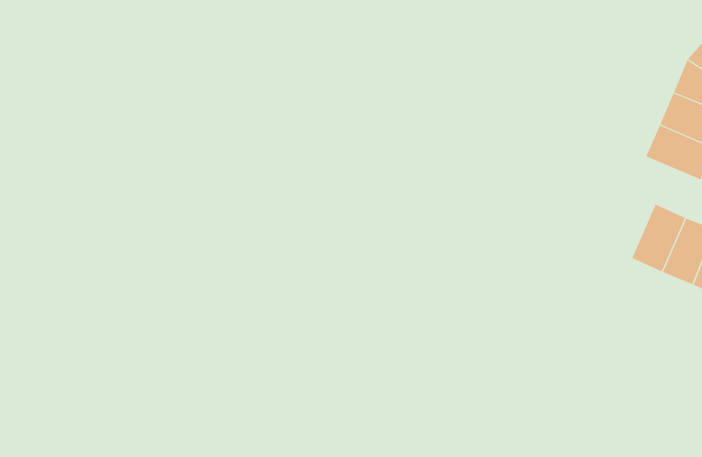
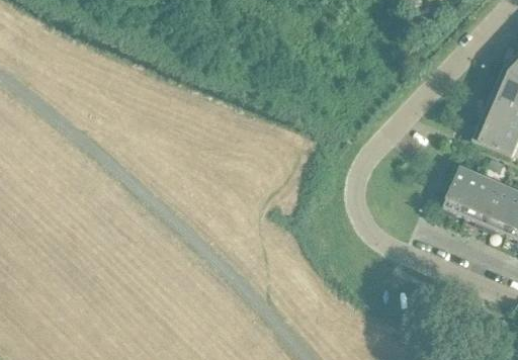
building: none -> [447,165,483,214]

